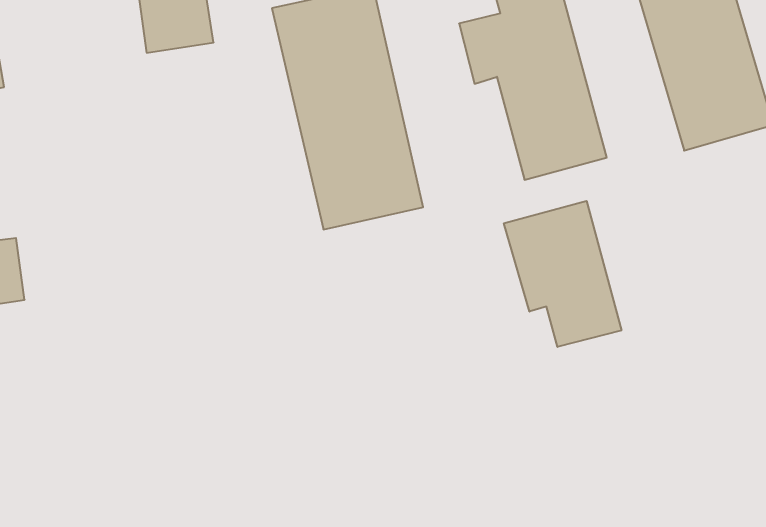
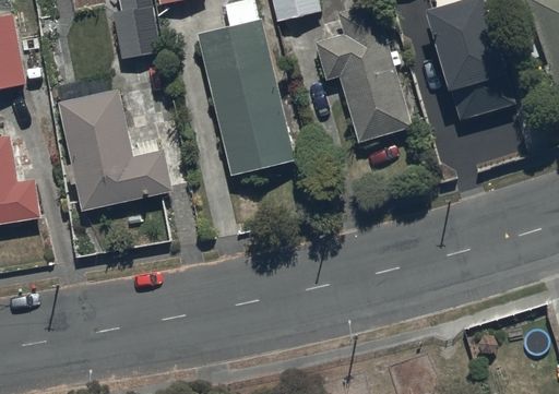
building: none -> [59,88,171,210]
building: [504,201,621,347] -> none

